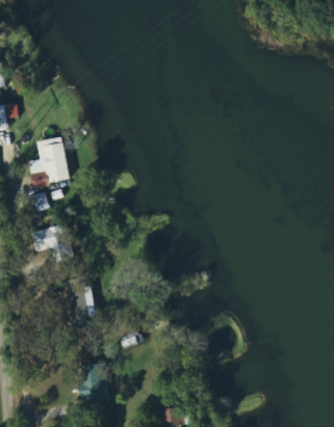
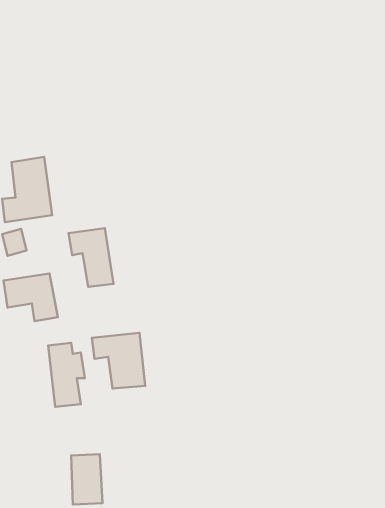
building: none -> [69,228,113,287]
building: none -> [92,333,145,389]

